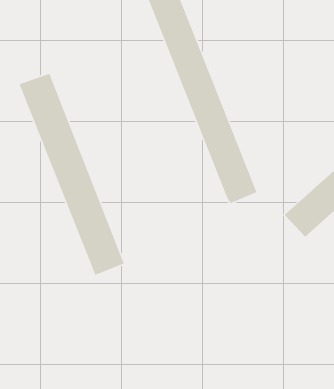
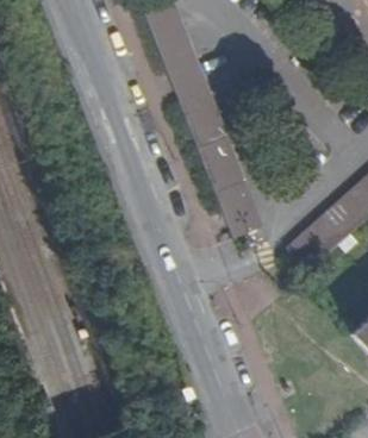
building: [18,73,125,276] -> none

